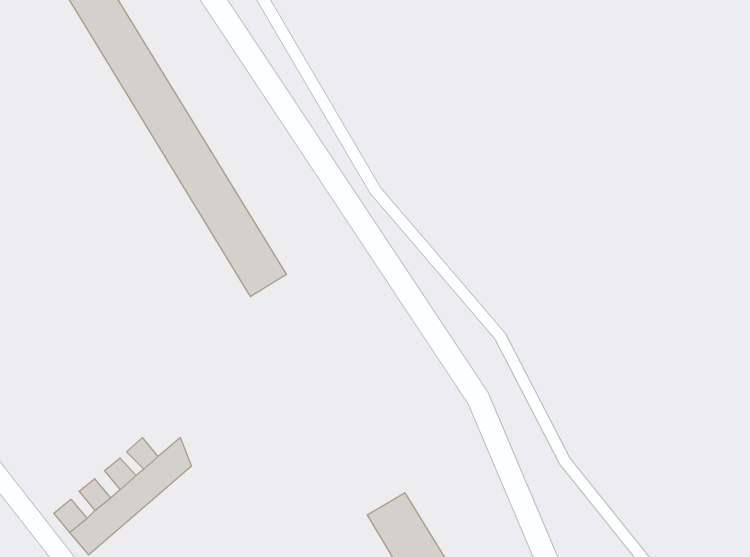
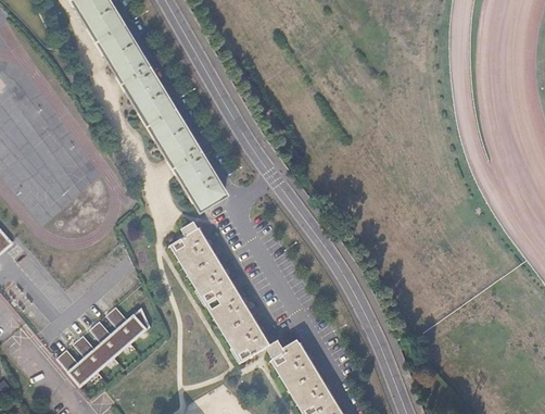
building: none -> [172,233,268,365]

